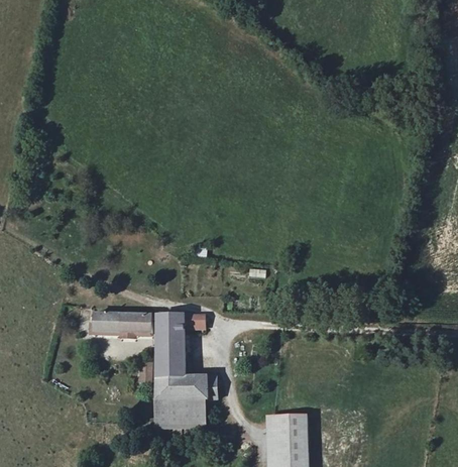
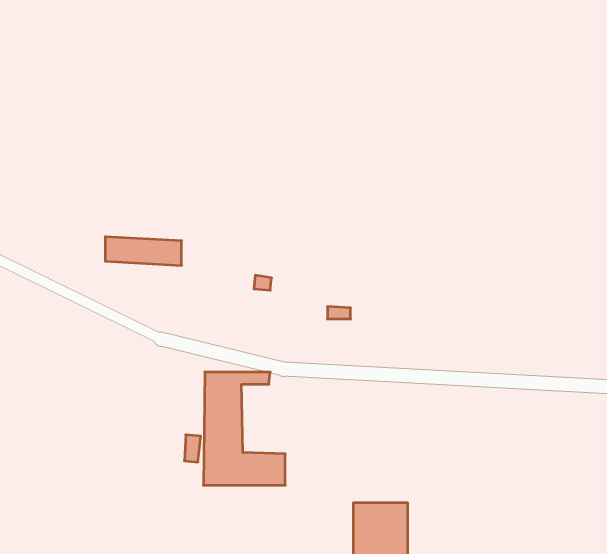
building: [95,314,151,335] -> [105,237,182,265]
building: [155,400,204,427] -> none

